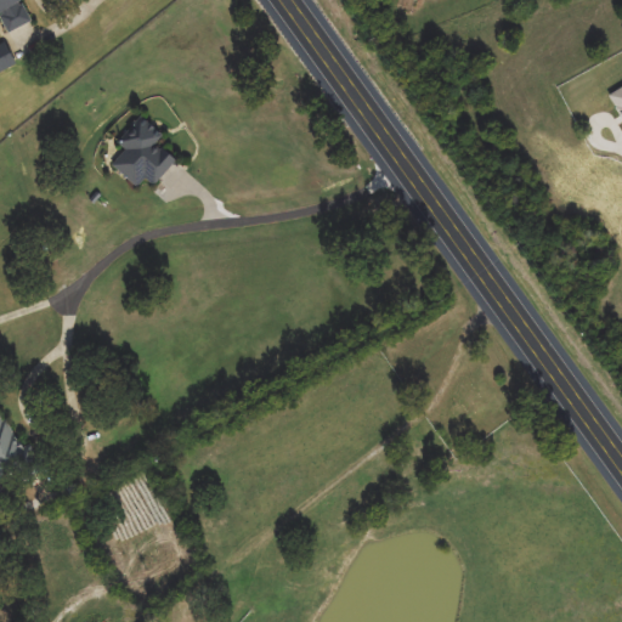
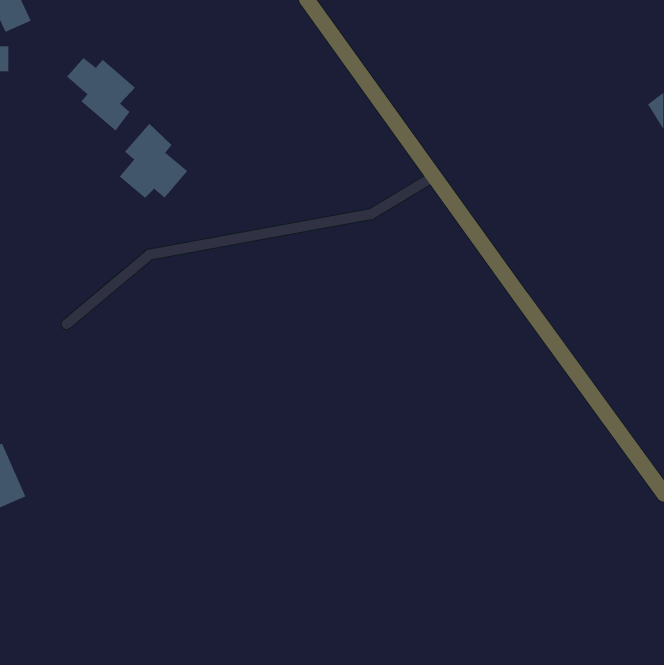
building: none -> [66,57,136,132]

